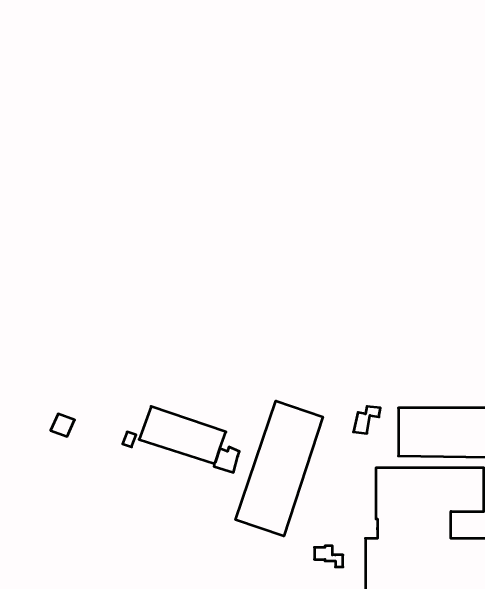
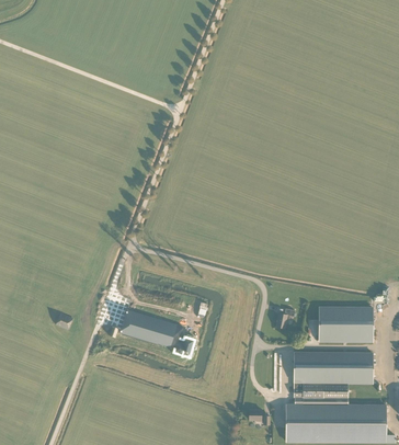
building: [236,401,323,536] -> none

